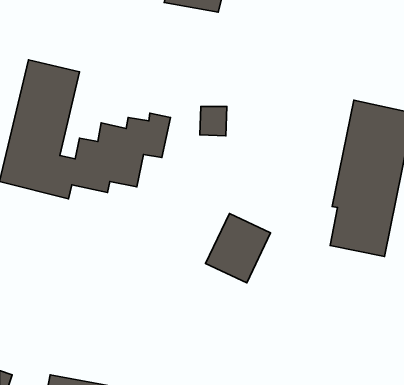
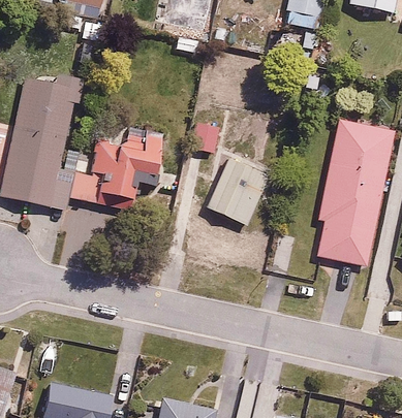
building: [205,213,271,283] -> [208,157,270,223]

